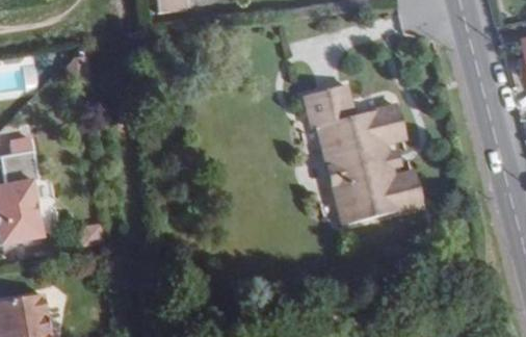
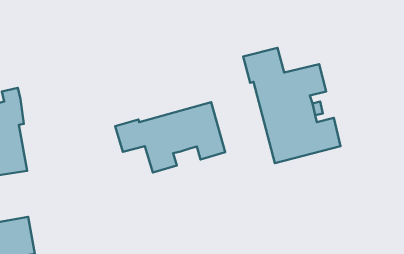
building: none -> [115,102,225,172]

